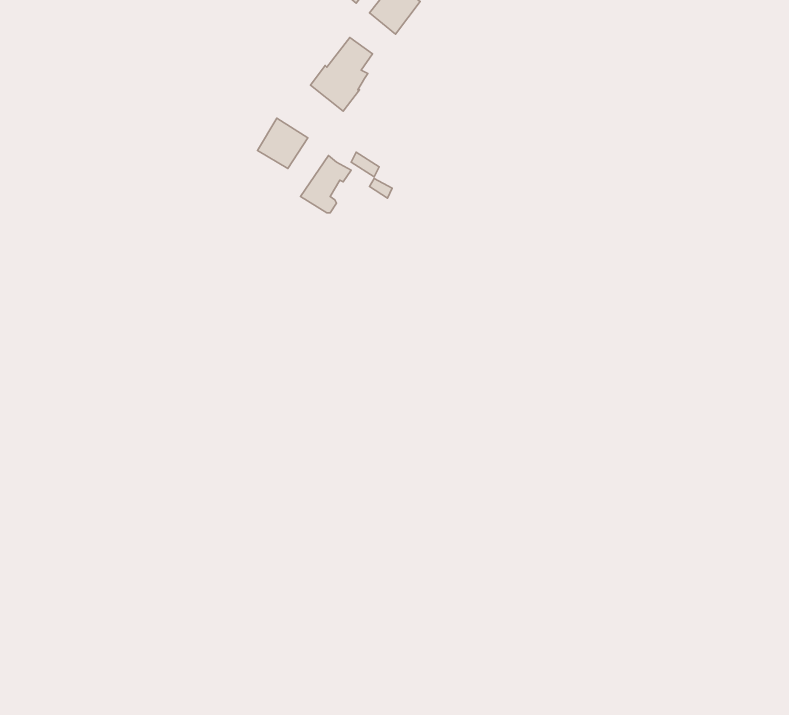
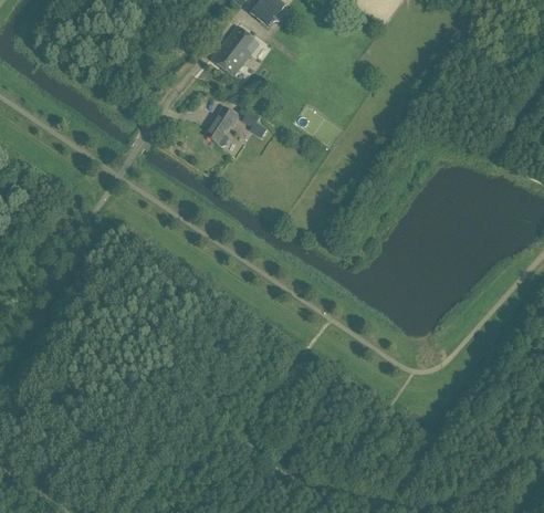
building: [258,118,308,169] -> none

